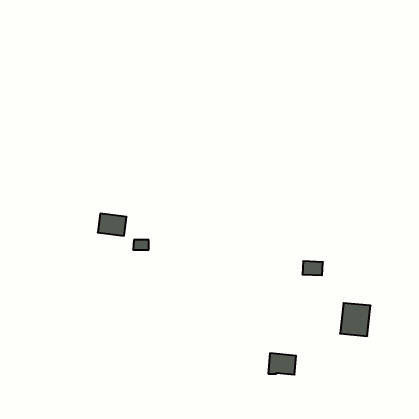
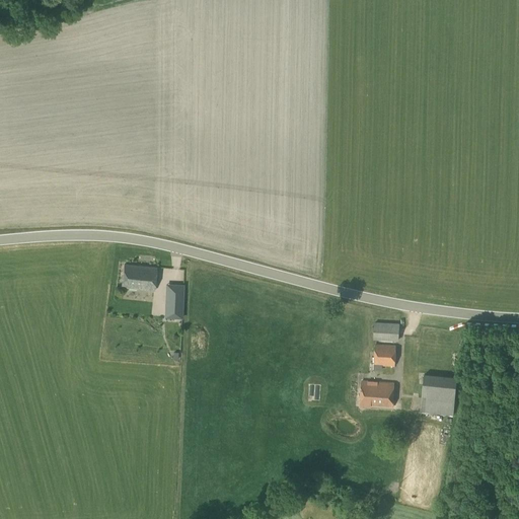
building: none -> [375,344,396,369]
building: [268,353,296,375] -> [361,380,395,406]

